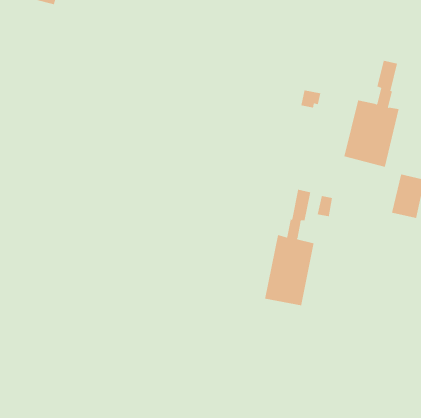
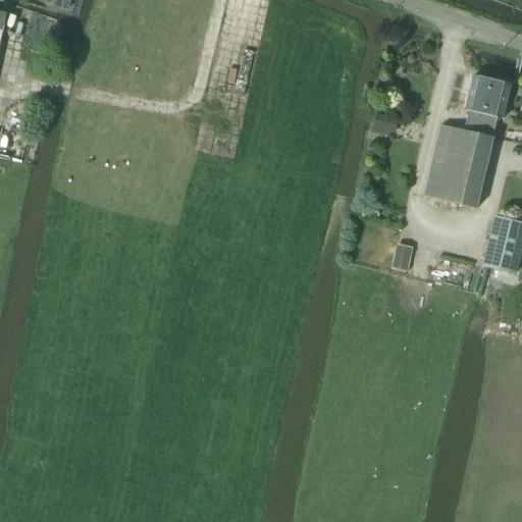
building: none -> [481,79,512,135]
building: [264,189,314,306] -> none

